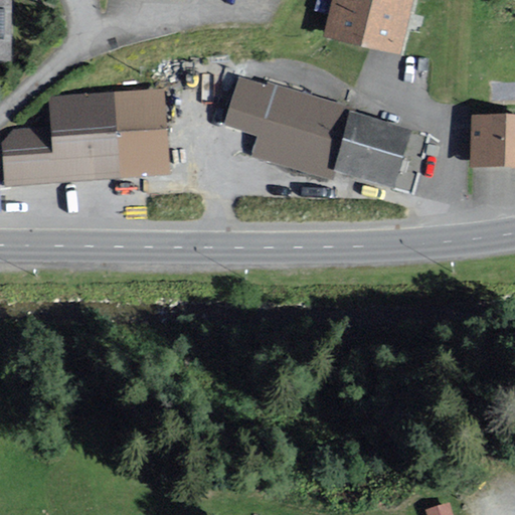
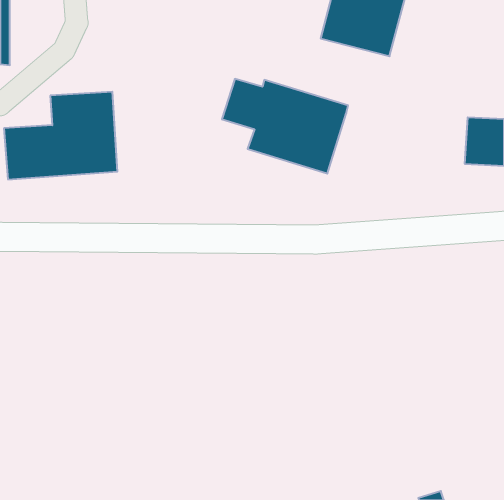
building: [115,91,167,175] -> none
building: [336,116,410,188] -> none

